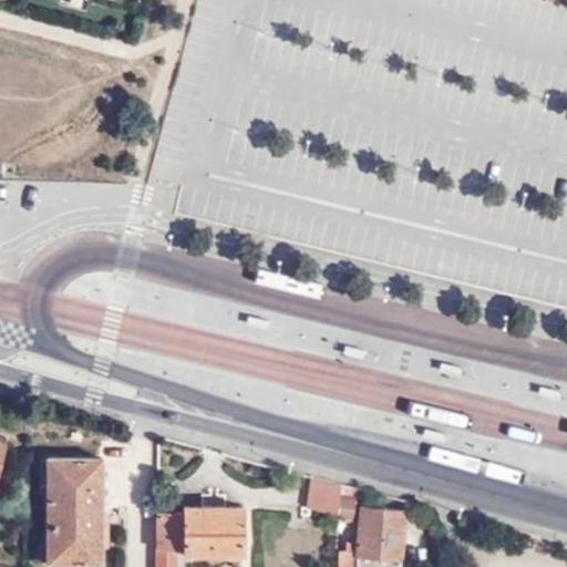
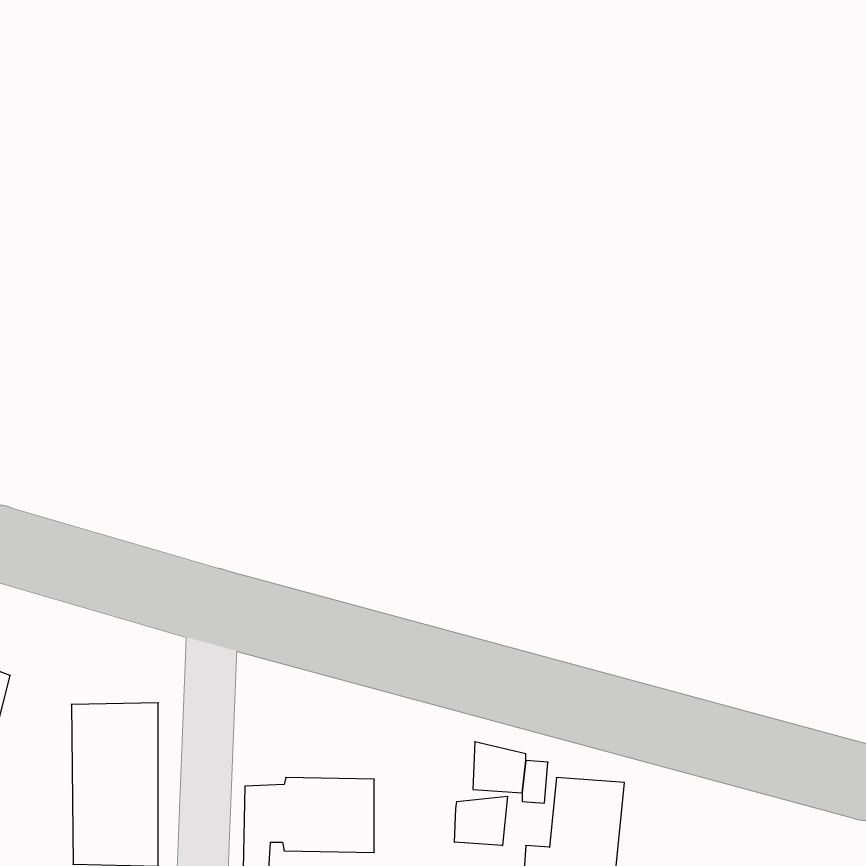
building: none -> [455,796,507,846]

